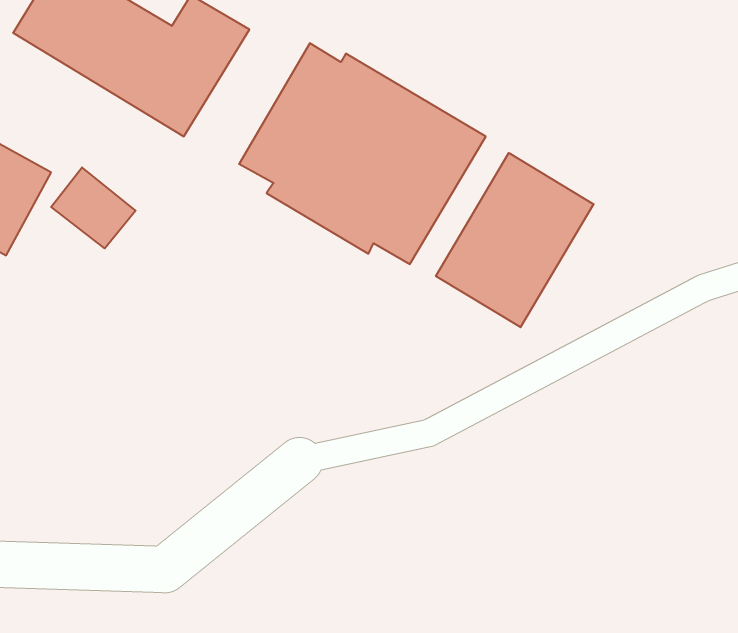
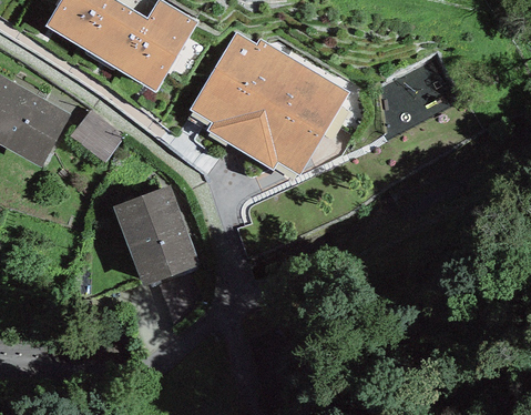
building: [436,153,594,327] -> none
building: none -> [113,185,198,284]

